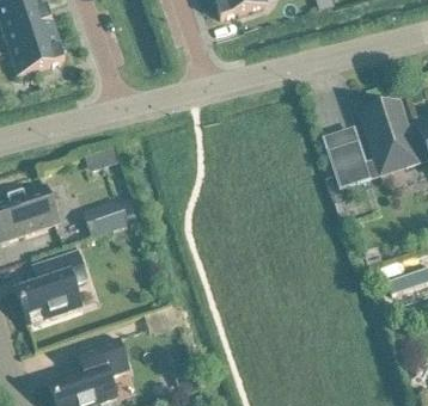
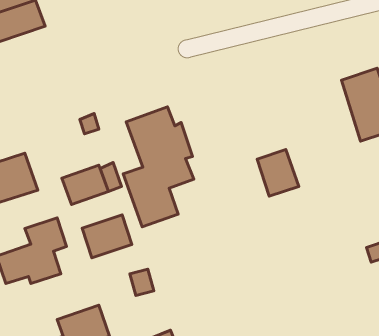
building: none -> [123,107,194,227]
building: [329,140,371,186] -> [257,150,299,196]
building: none -> [82,215,132,258]

